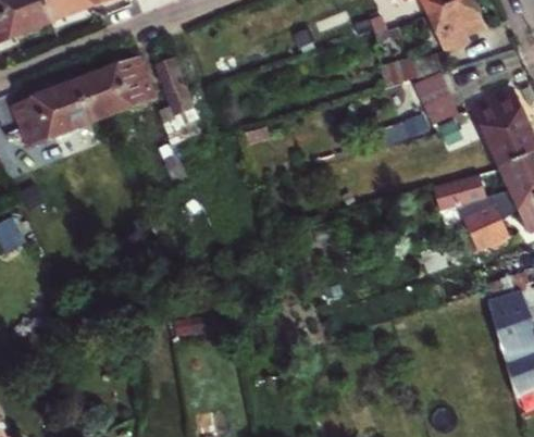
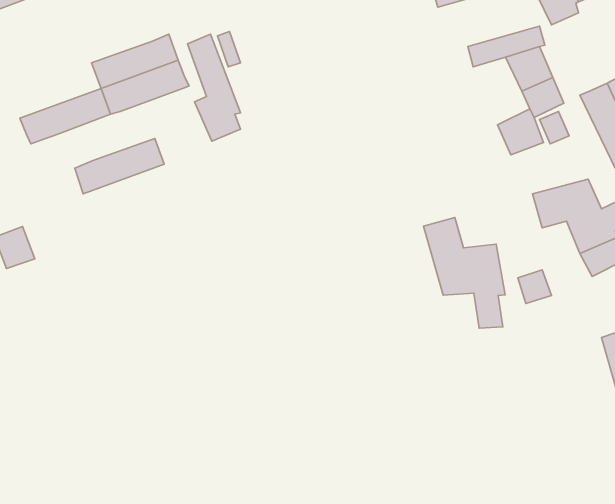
building: [13,80,85,125] -> [75,138,164,194]
building: none -> [423,217,505,328]

